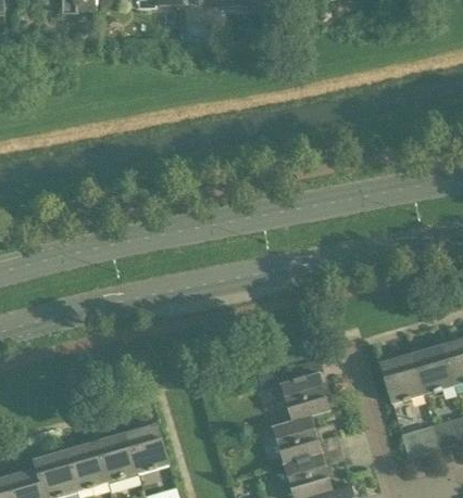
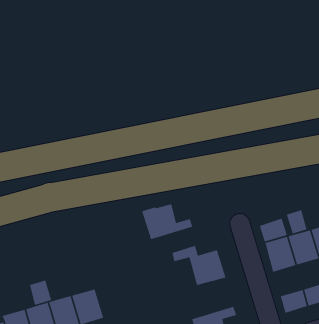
building: none -> [286,209,307,235]
building: none -> [259,217,288,243]
building: none -> [29,280,52,306]
building: [272,414,340,463] -> [141,203,193,240]

